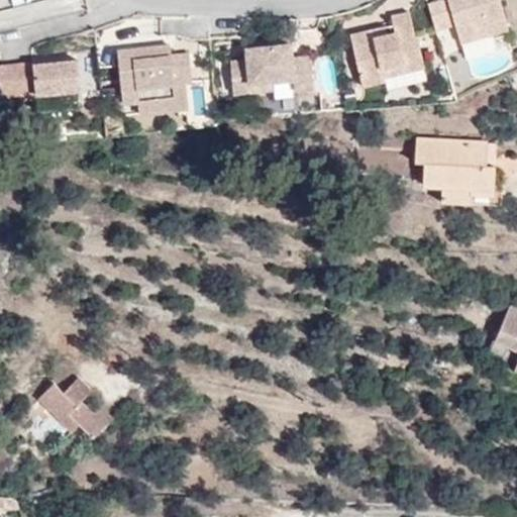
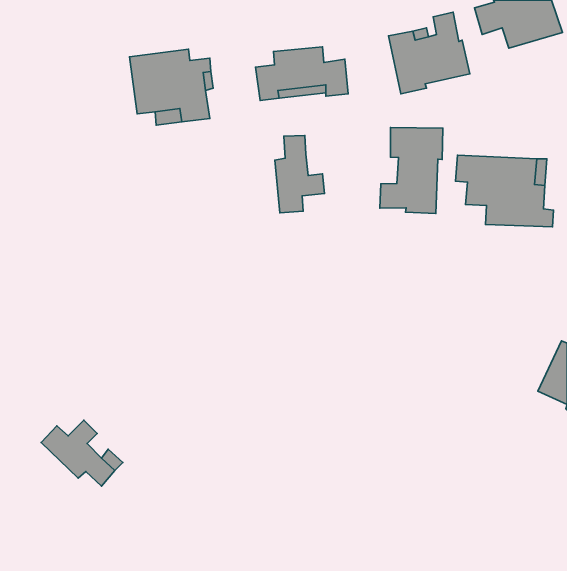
building: [17,60,80,93] -> none
building: none -> [380,127,443,213]
building: none -> [275,136,325,213]

